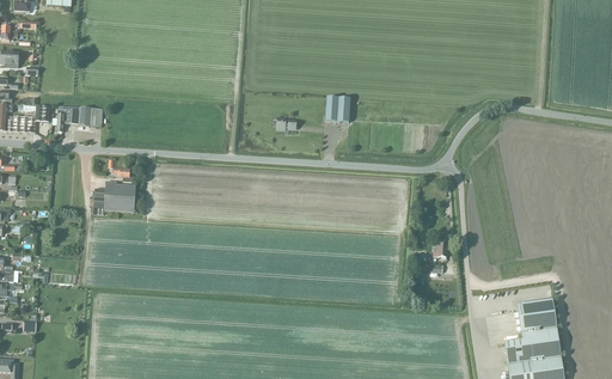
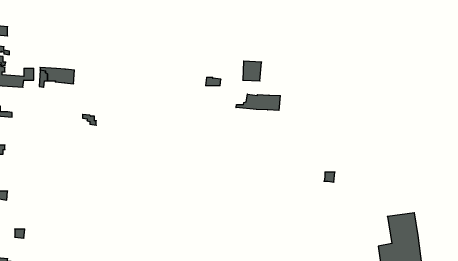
building: none -> [236,94,280,110]
building: [93,181,137,214] -> none

